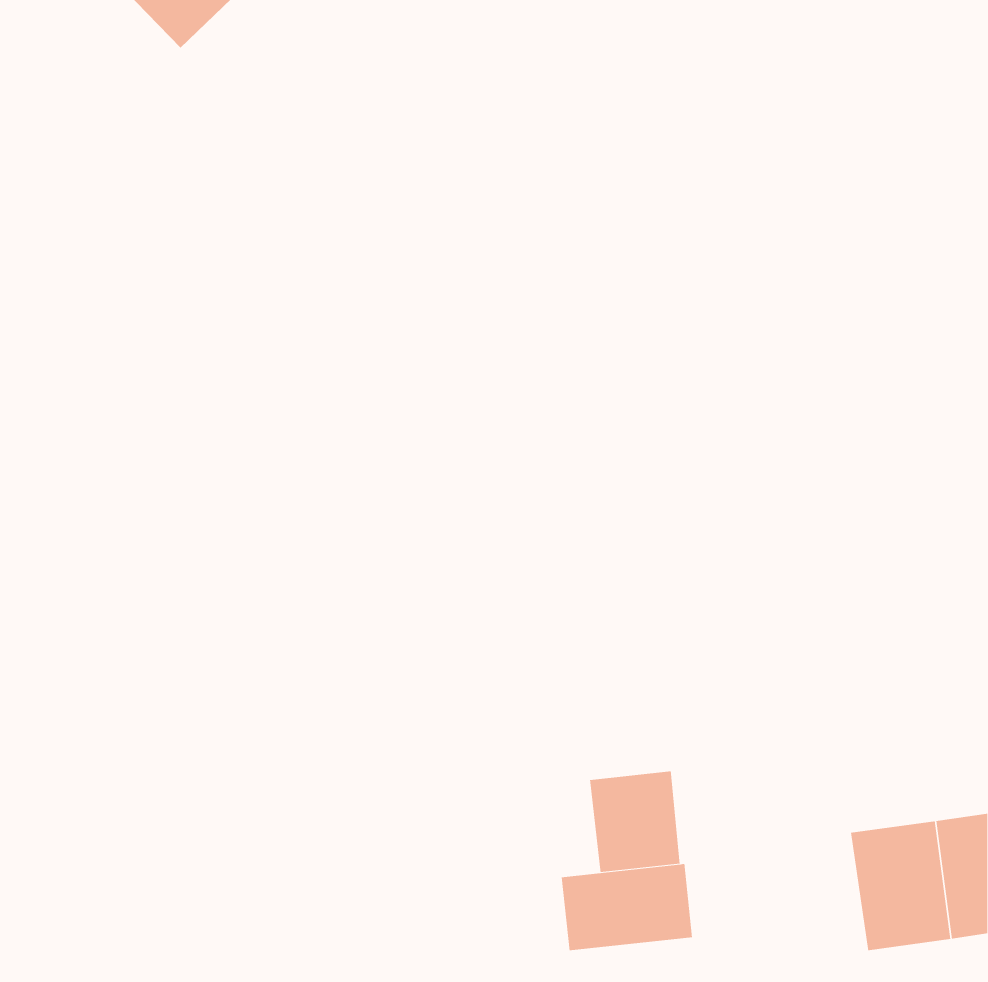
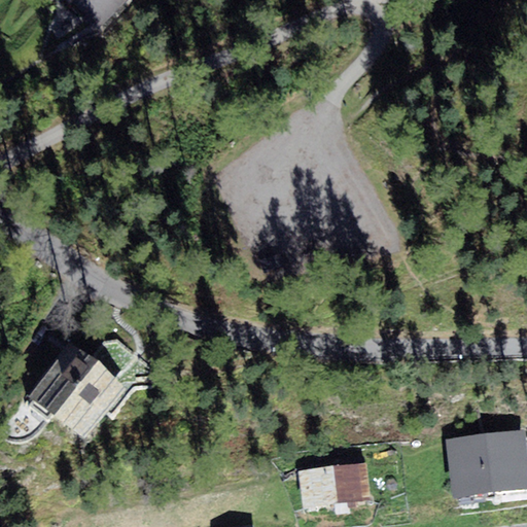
building: none -> [26,338,125,434]
building: [589,771,680,873] -> none

